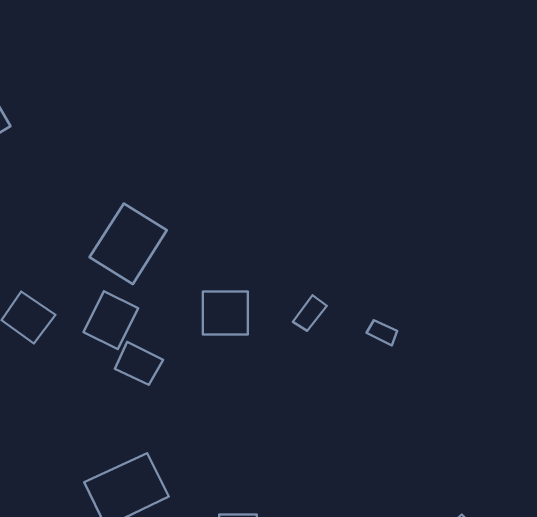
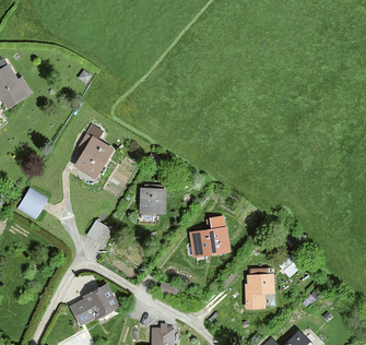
building: [83,291,138,349] -> none
building: none -> [190,226,227,258]
building: none -> [247,273,279,304]

